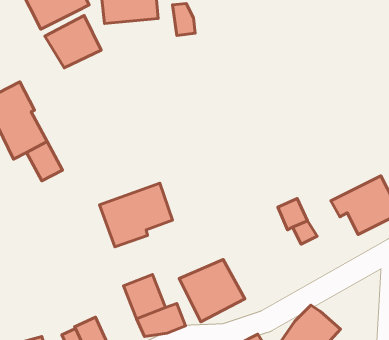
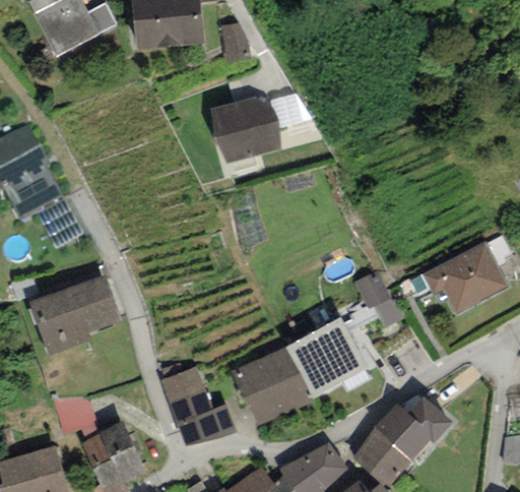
building: [45,16,101,68] -> none
building: none -> [210,94,280,164]
building: [99,183,173,247] -> [29,274,122,355]
building: none -> [285,317,369,397]
building: none -> [52,396,96,434]
building: none -> [408,397,451,443]

